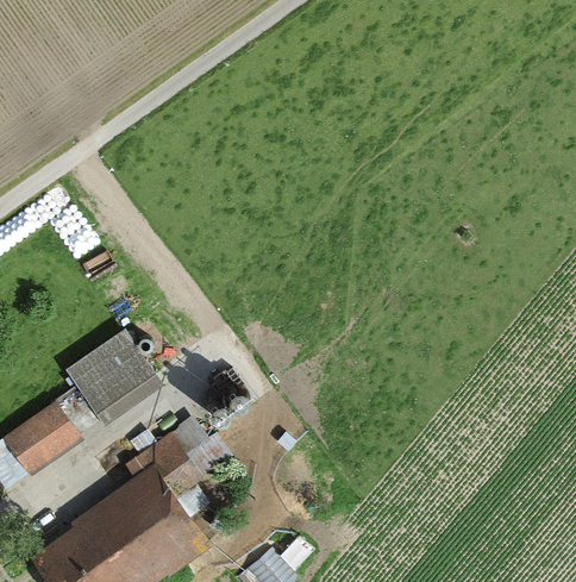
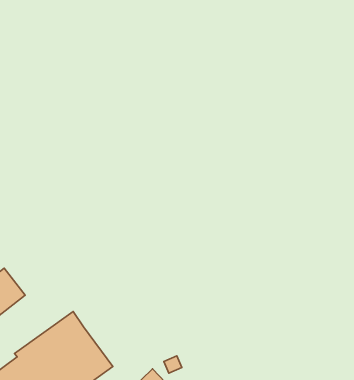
building: [65,328,162,424] -> none
building: [142,419,209,486] -> none

